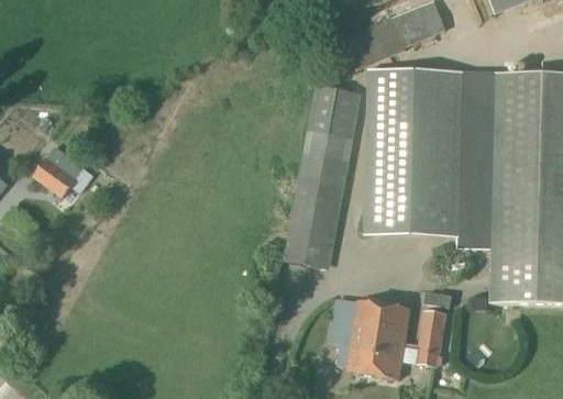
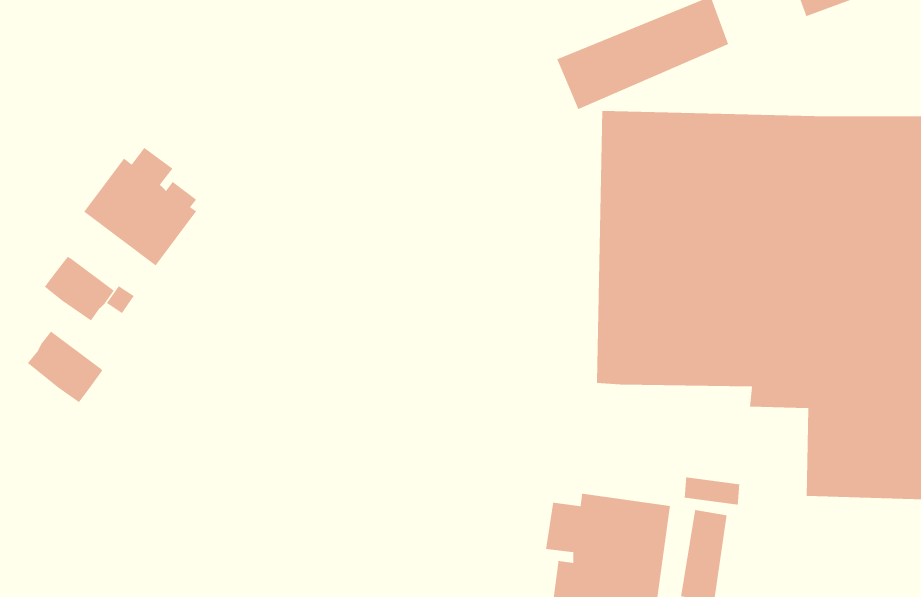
building: [284,84,362,268] -> none
building: none -> [83,147,197,266]
building: none -> [27,331,103,403]

